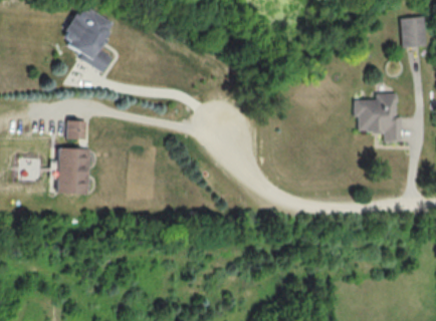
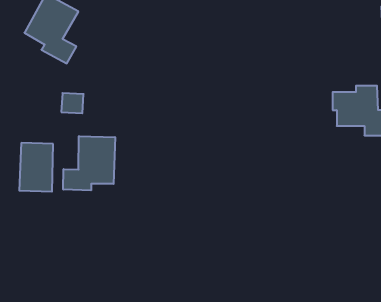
building: [66,120,87,139] -> [61,93,84,113]
building: none -> [63,136,115,190]

